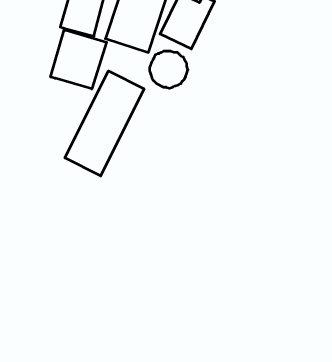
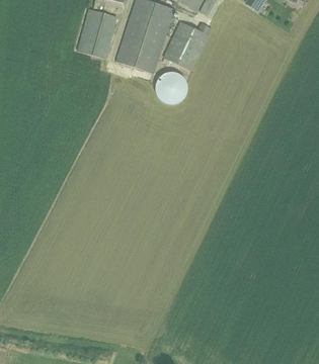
building: [51,30,107,89] -> none
building: [65,71,144,176] -> none

